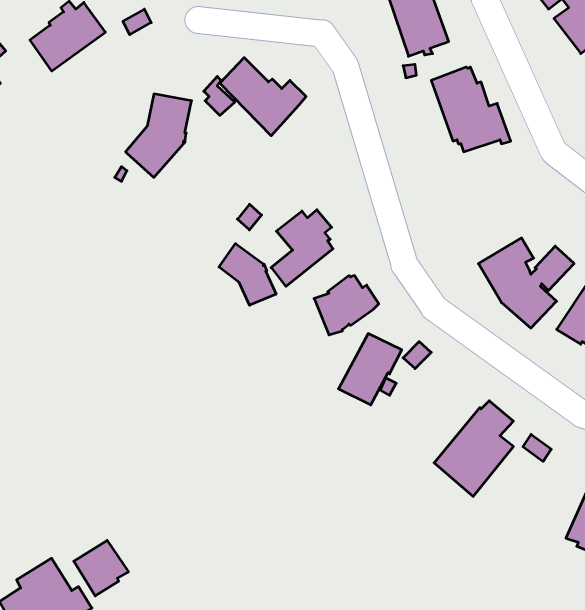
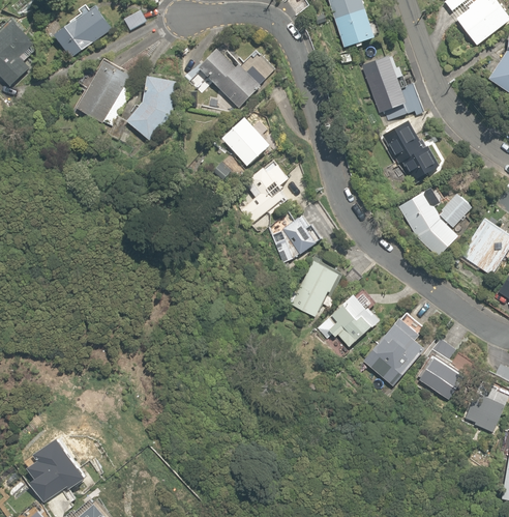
building: none -> [78,60,131,125]
building: none -> [222,116,270,165]
building: none -> [381,119,439,183]
building: [219,244,276,305] -> none
building: none -> [316,287,379,345]
building: none -> [415,351,465,398]
building: [74,540,128,596] -> none

